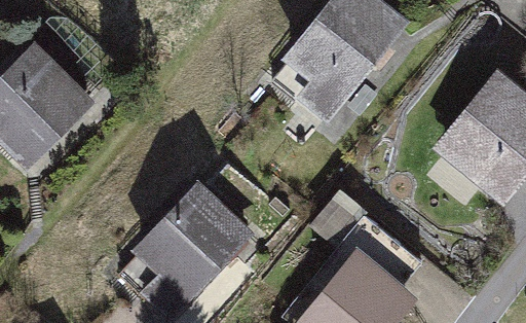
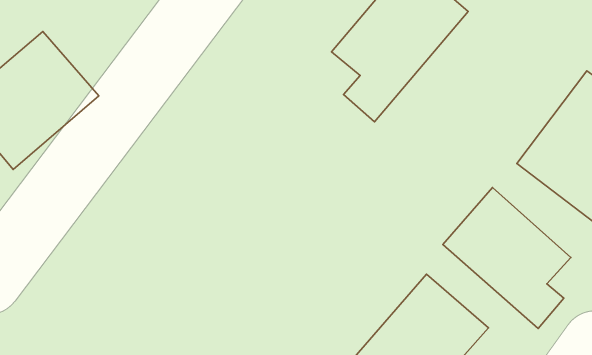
building: none -> [443,188,571,329]
building: [130,185,245,298] -> none

